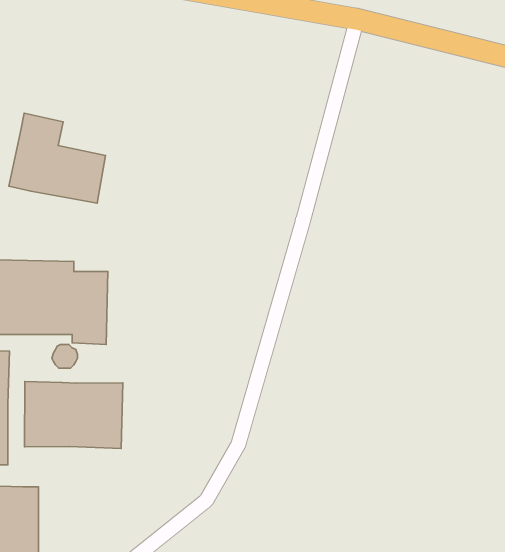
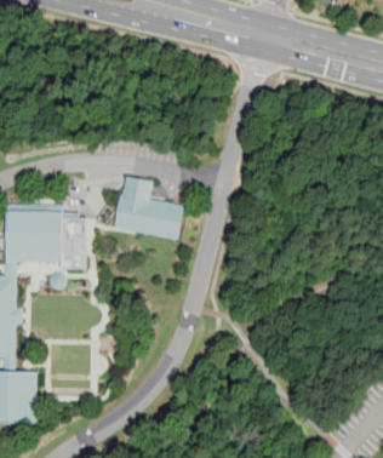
building: [9,113,106,203] -> [115,174,184,239]
building: [24,381,123,448] -> none

